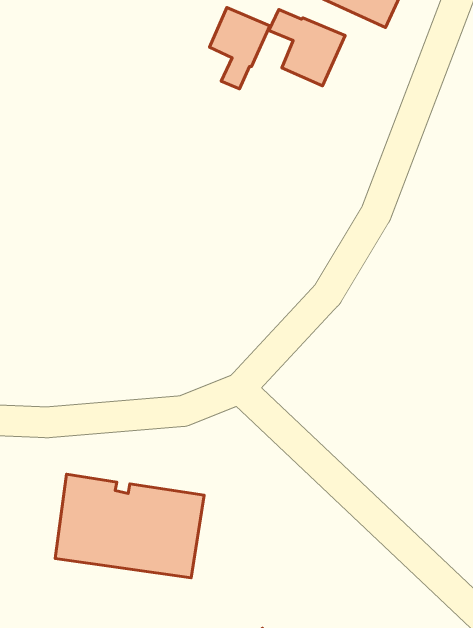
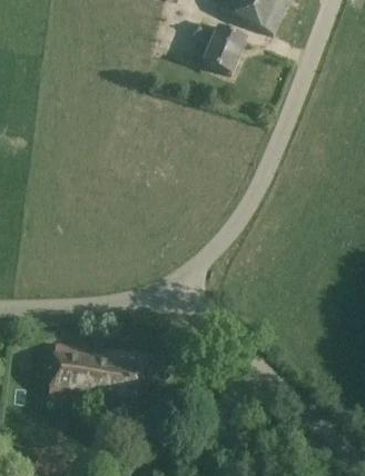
building: [209,7,270,89] -> none

